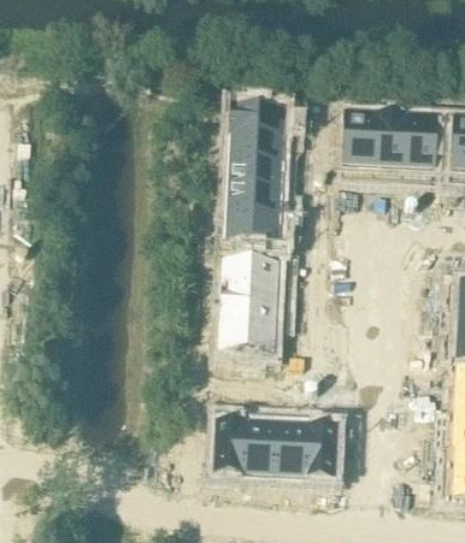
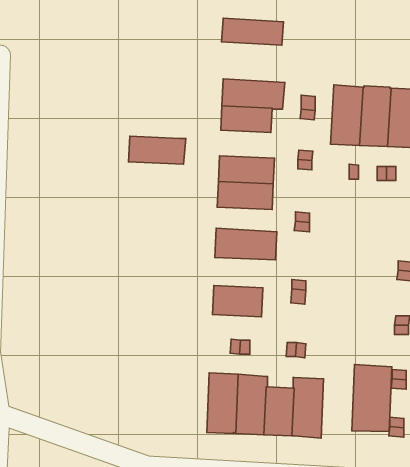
building: none -> [222,18,283,45]
building: [229,157,288,185] -> [129,136,186,164]
building: [223,288,287,320] -> none
building: none -> [352,365,392,432]

